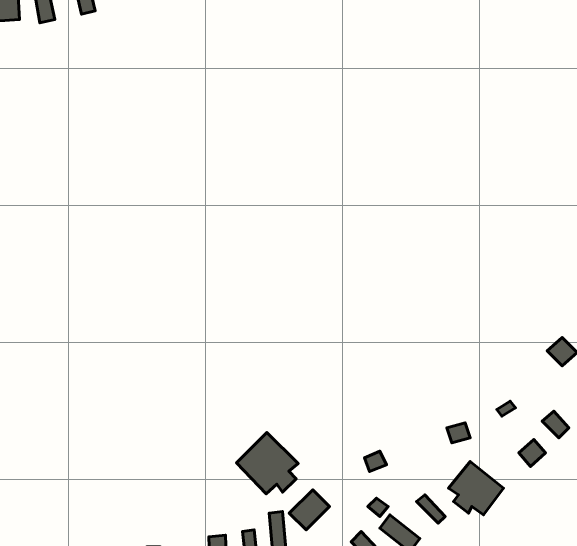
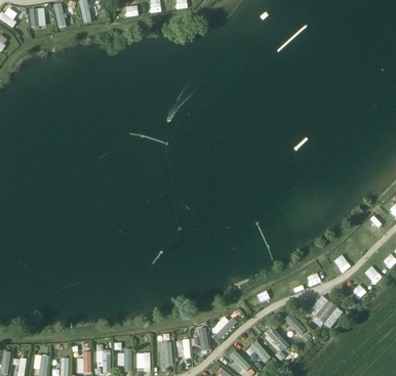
building: [236,432,298,494] -> none

